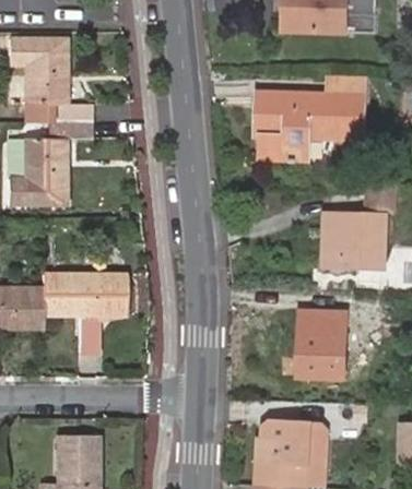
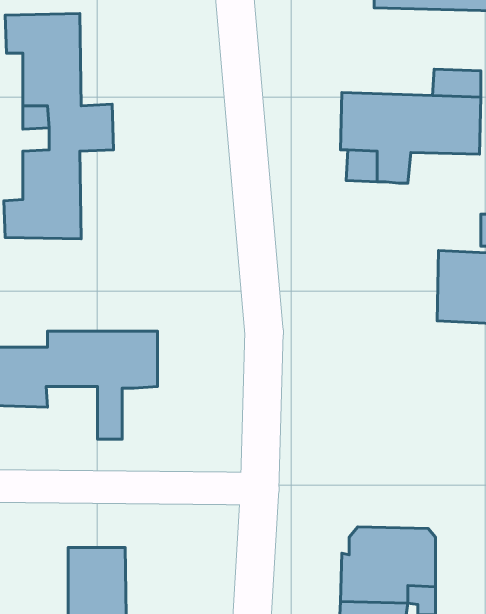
building: [298,312,344,379] -> none

